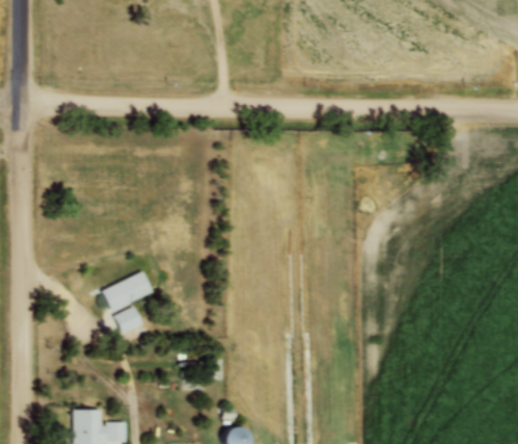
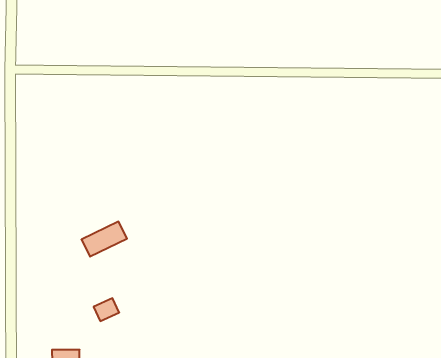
building: [115,309,143,334] -> [94,298,119,321]

